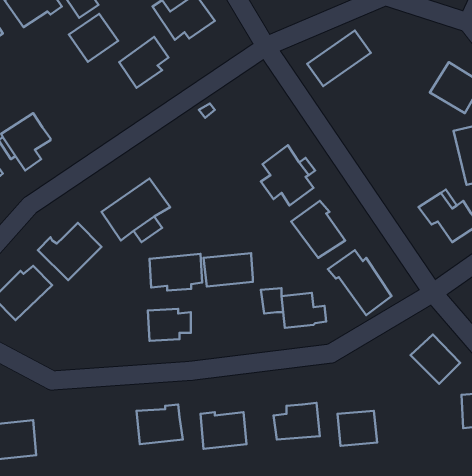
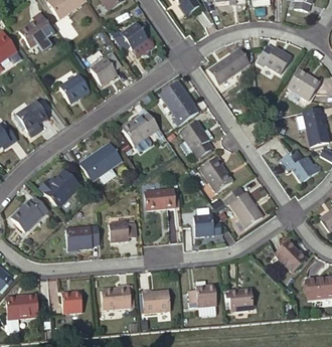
building: [69,14,118,62] -> [58,72,90,103]
building: none -> [257,45,292,74]
building: none -> [160,81,199,126]
building: none -> [122,113,159,145]
building: [150,254,202,291] -> [66,225,100,248]
building: none -> [61,292,82,314]

